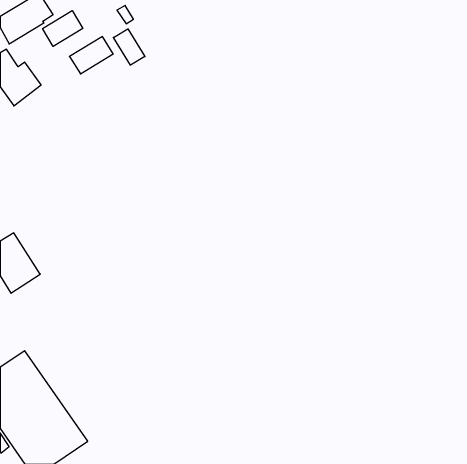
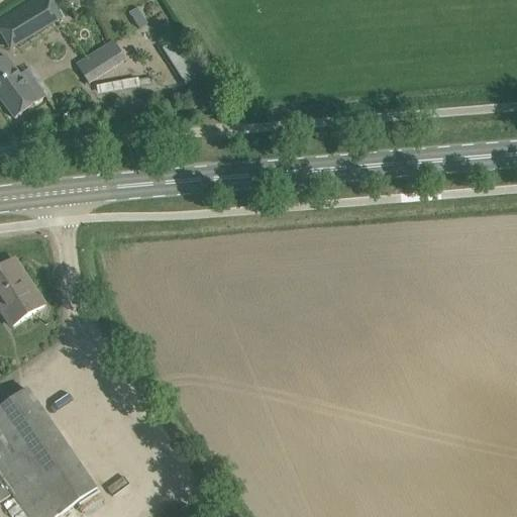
building: [43,11,83,46] -> none
building: [113,29,145,65] -> none

